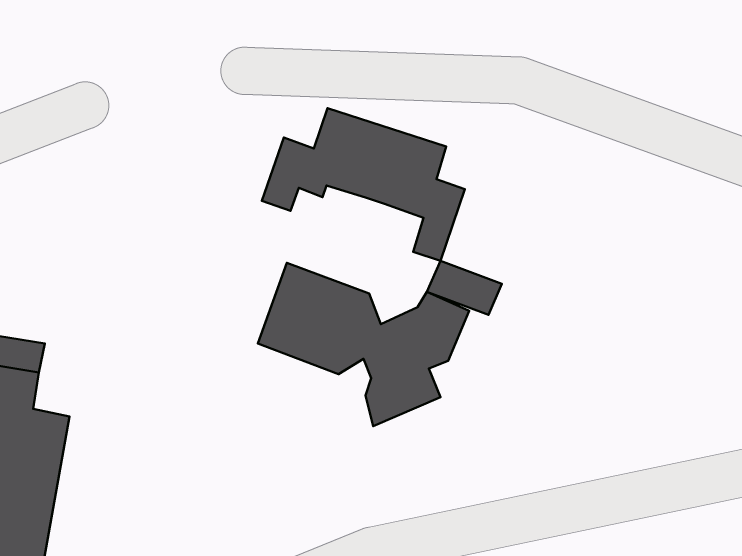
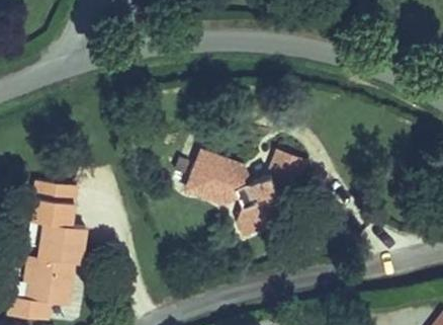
building: [262,108,465,261] -> none

